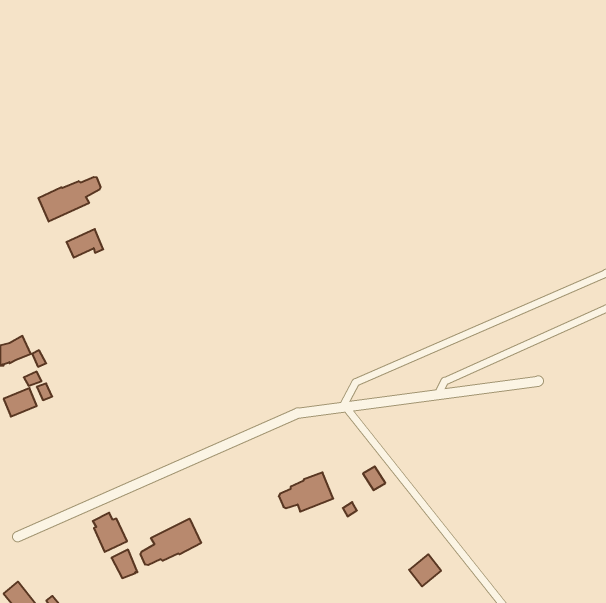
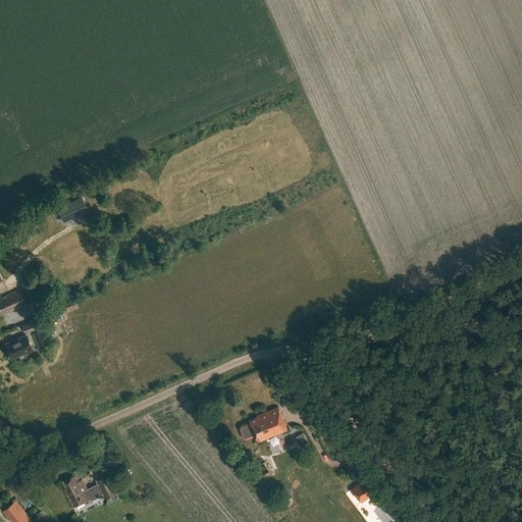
building: [38,177,101,222] -> none
building: [93,513,127,552] -> [62,476,92,510]
building: [141,519,201,565] -> none

